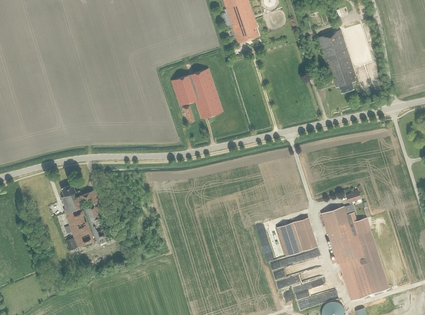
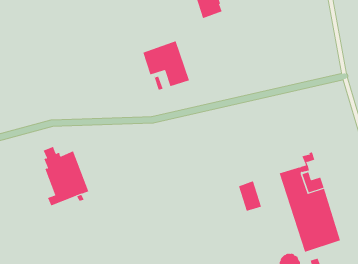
building: [318,30,355,93] -> none
building: [293,218,318,251] -> none

